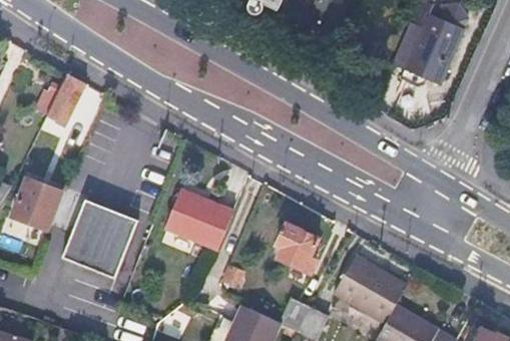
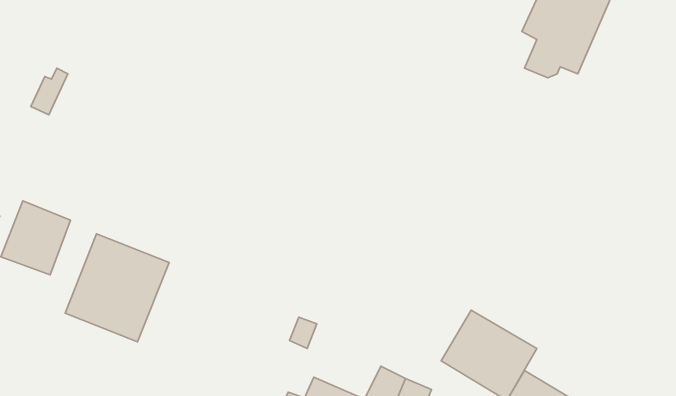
building: [48,72,86,124] -> none
building: [168,189,236,250] -> none
building: [272,225,319,274] -> none

